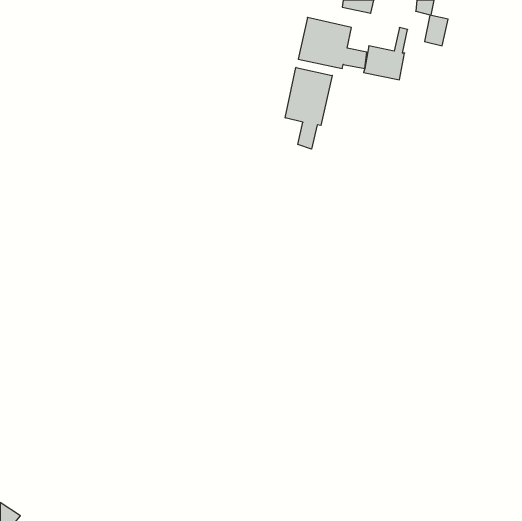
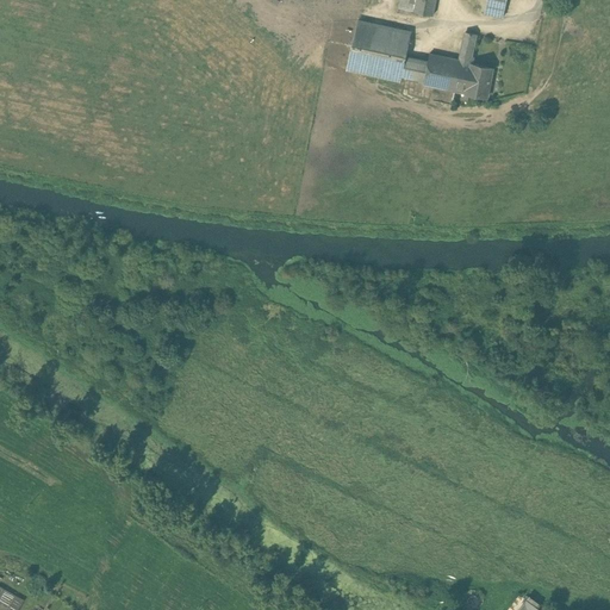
building: [425,15,448,46] -> [466,63,493,99]
building: [285,67,332,149] -> none

